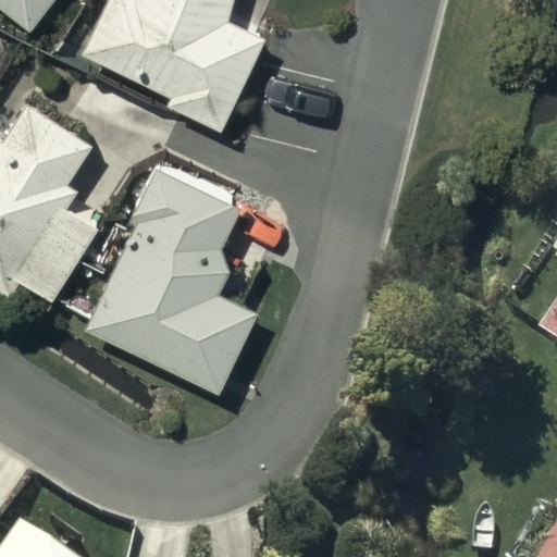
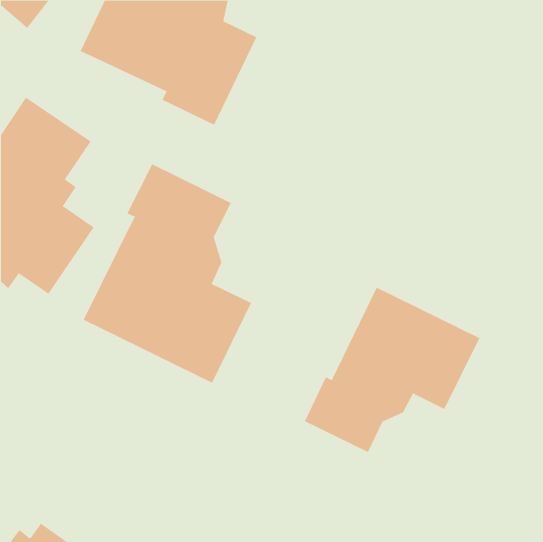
building: none -> [304,287,480,453]

